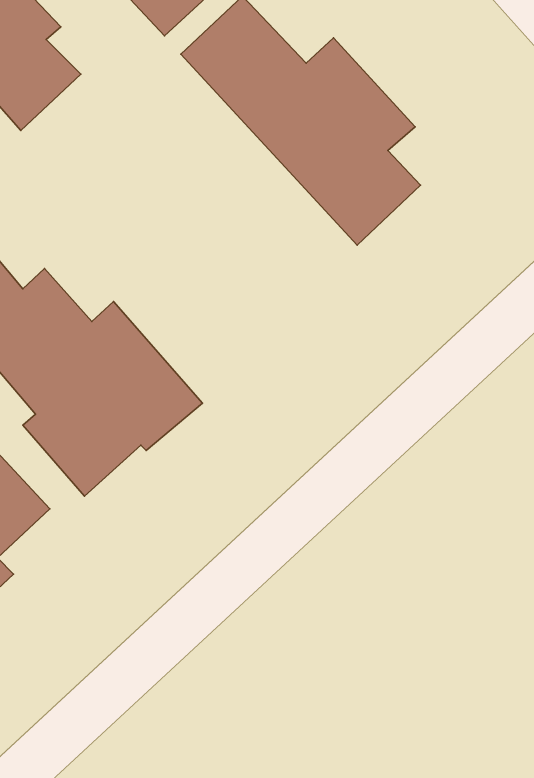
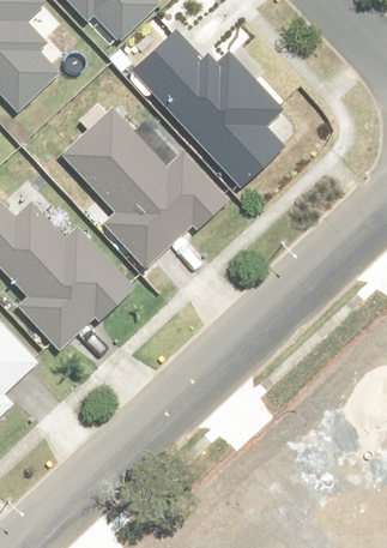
building: none -> [65,112,225,267]

